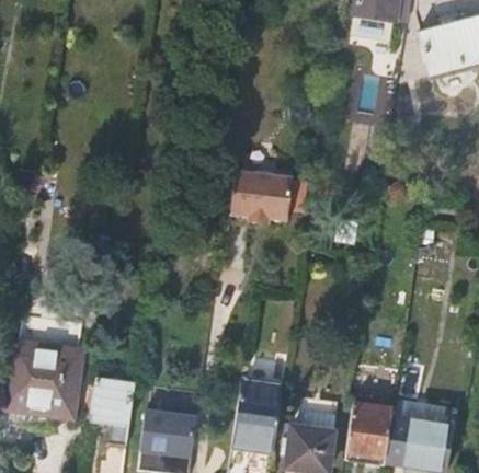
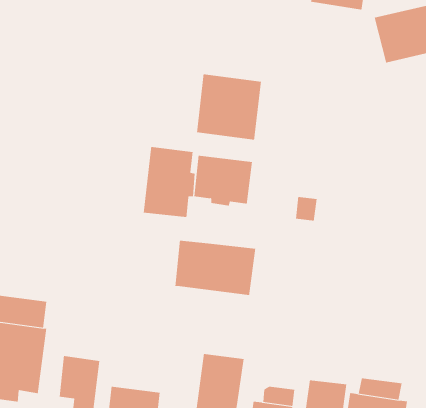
building: none -> [196,73,262,141]
building: none -> [143,146,195,218]
building: none -> [175,240,256,296]

